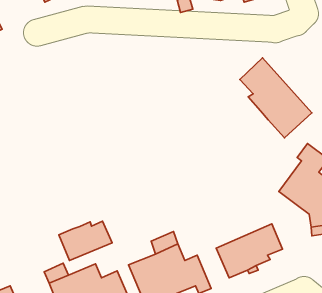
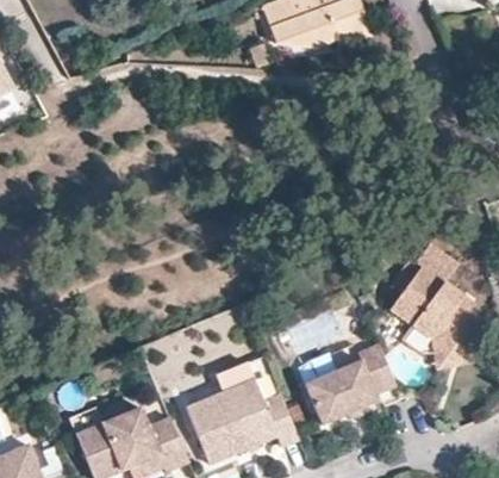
building: [240,58,312,138] -> none
building: [59,221,112,261] -> none

